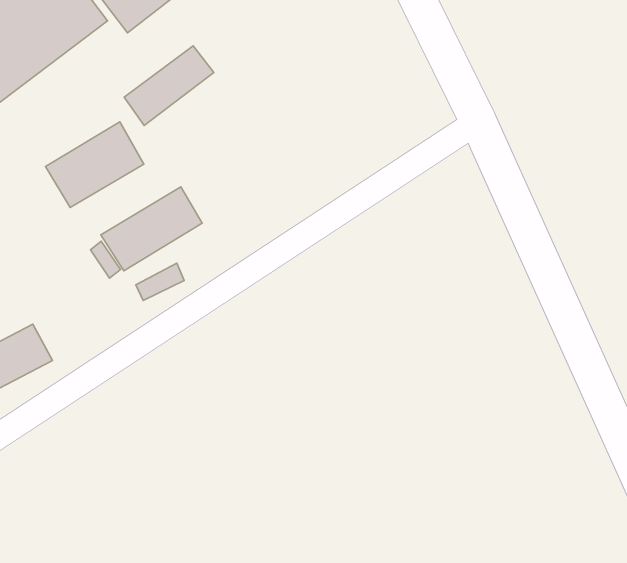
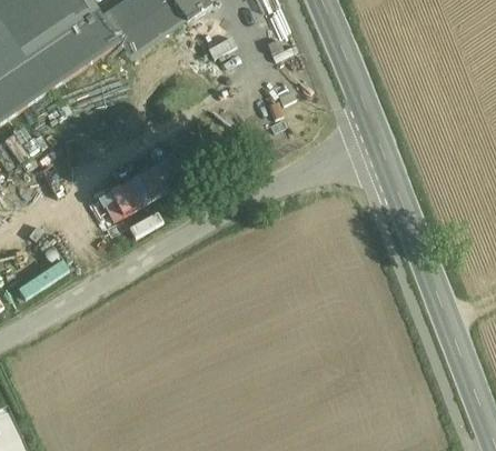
building: [124,46,214,125] -> none
building: [45,122,144,207] -> none

